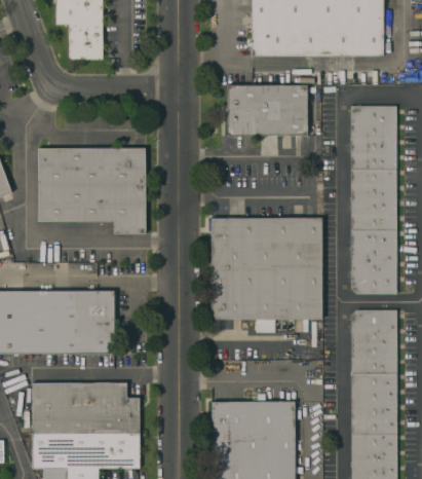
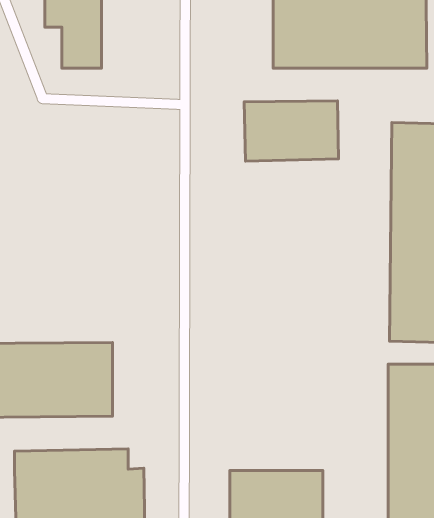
building: [39,147,149,233] -> none
building: [210,219,319,321] -> none

